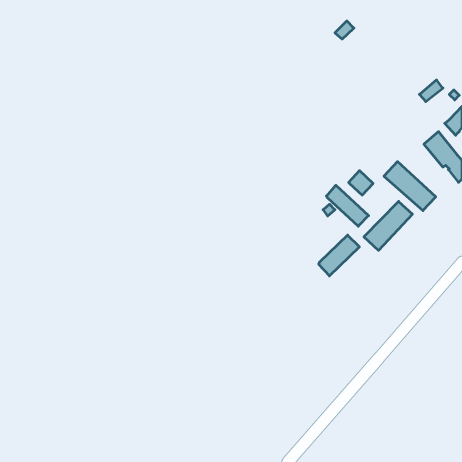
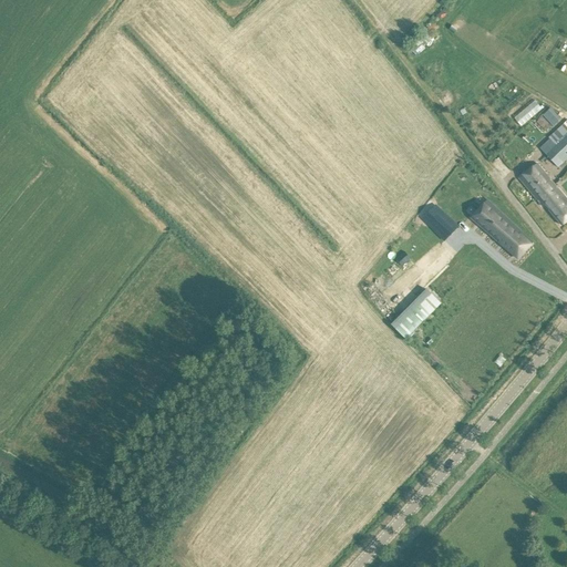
building: [326,185,369,226] -> none
building: [364,201,412,250] -> none

